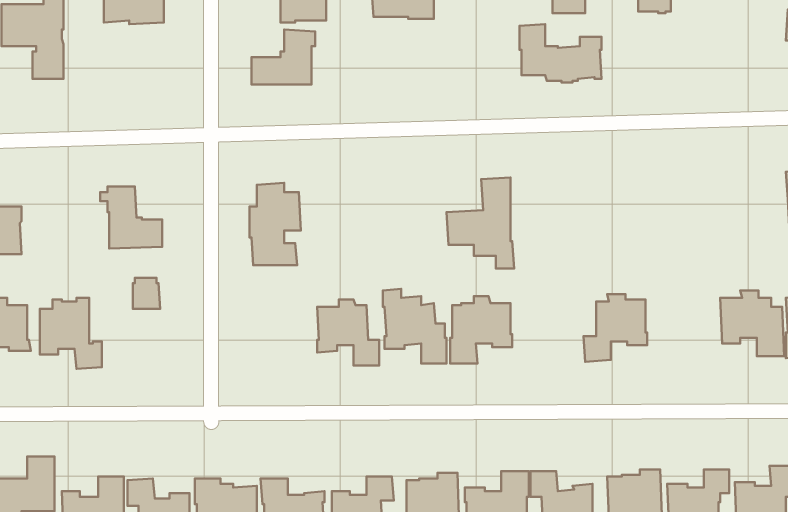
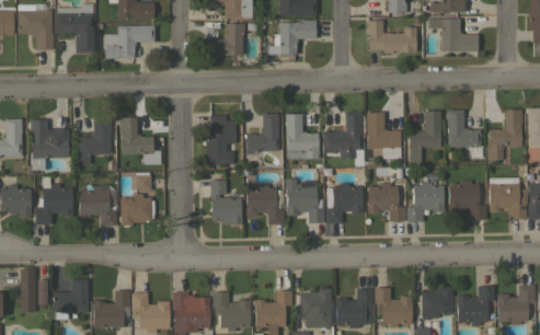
building: none -> [428,19,478,51]
building: none -> [269,21,317,55]
building: none -> [105,25,154,59]
building: none -> [448,109,483,158]
building: none -> [487,109,522,160]
building: none -> [407,111,441,162]
building: none -> [367,113,401,159]
building: none -> [246,114,279,170]
building: none -> [286,114,320,159]
building: none -> [78,117,112,164]
building: none -> [210,181,243,224]
building: none -> [448,181,486,220]
building: none -> [367,183,405,221]
building: none -> [119,194,156,226]

